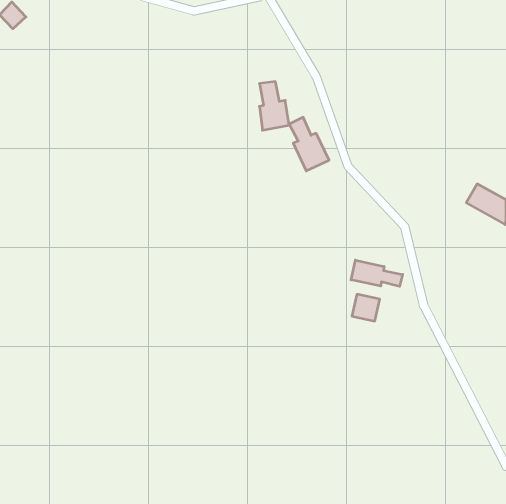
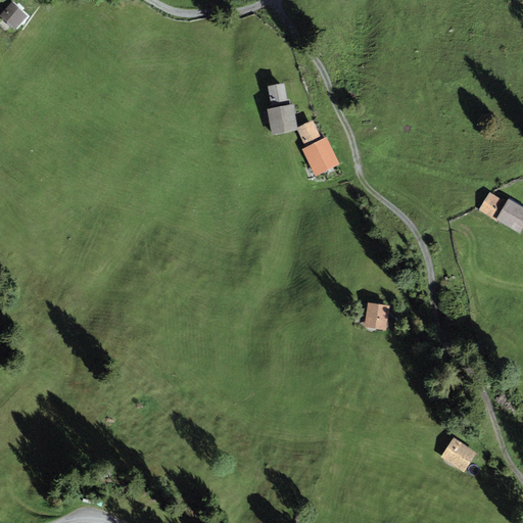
building: [351,260,403,286] -> none
building: none -> [440,438,476,471]

